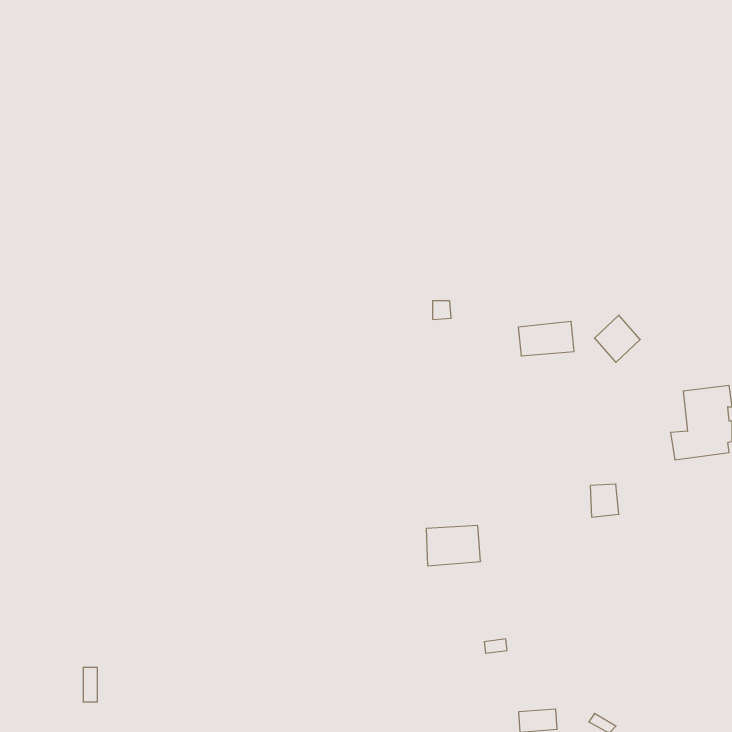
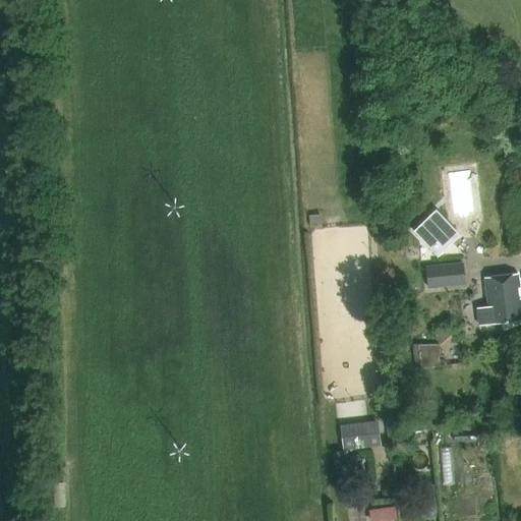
building: [518,321,574,356] -> [425,263,465,287]
building: [426,526,481,566] -> [340,419,379,448]

